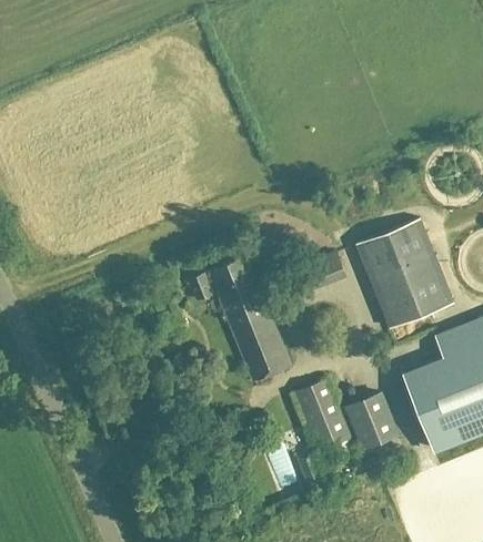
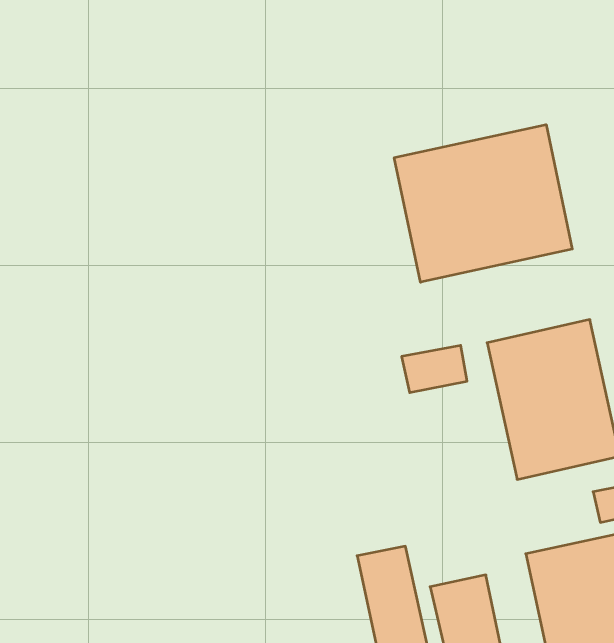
building: none -> [394,125,572,282]
building: [188,257,289,381] -> none

